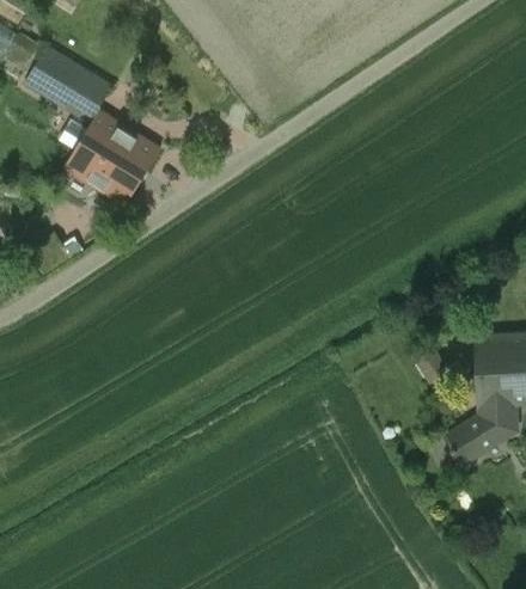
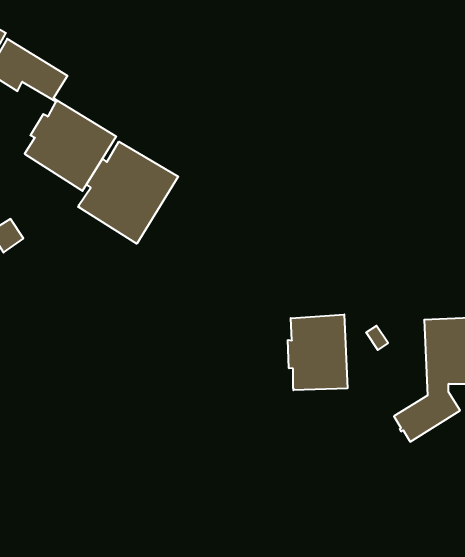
building: none -> [78,142,178,244]
building: none -> [288,314,347,390]

